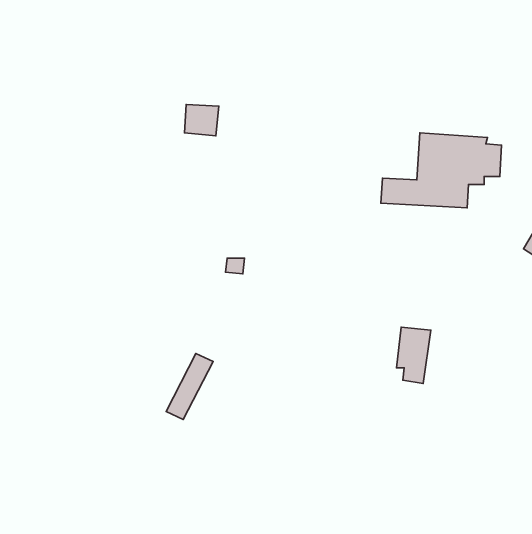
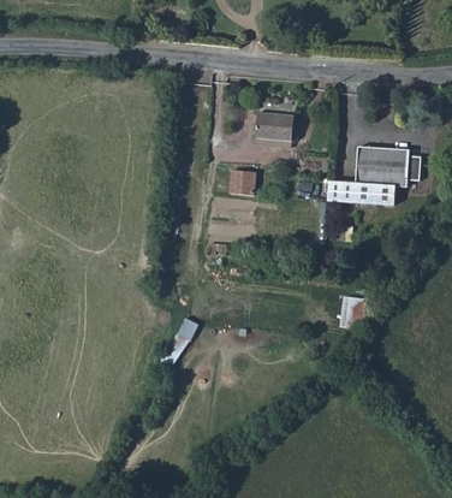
building: none -> [255,106,293,141]
building: [185,105,219,136] -> [228,171,255,195]

